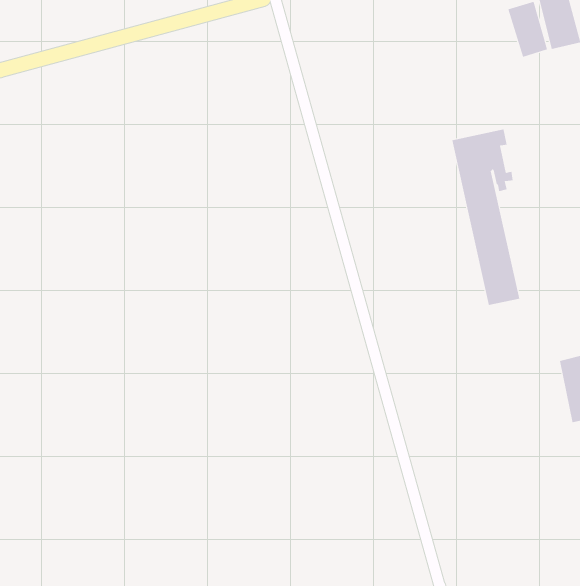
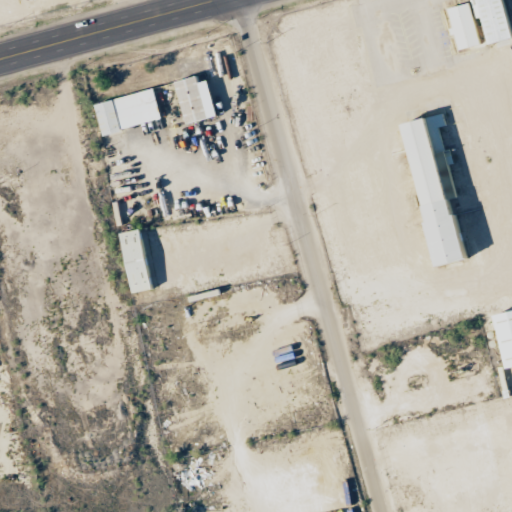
building: none -> [175,75,218,124]
building: none -> [96,88,163,134]
building: none -> [120,228,152,293]

